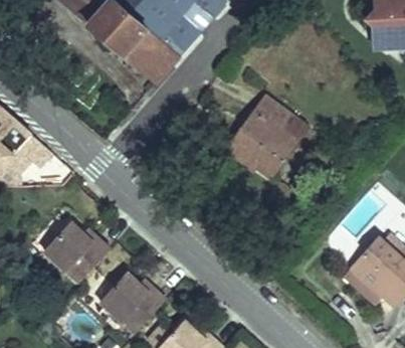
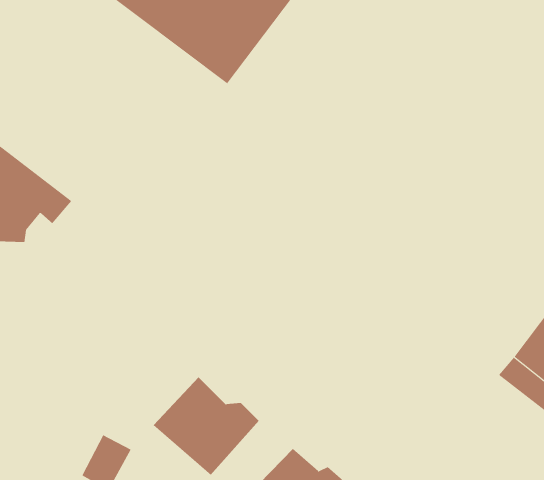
building: [228,98,300,174] -> none
building: [50,223,118,288] -> none

